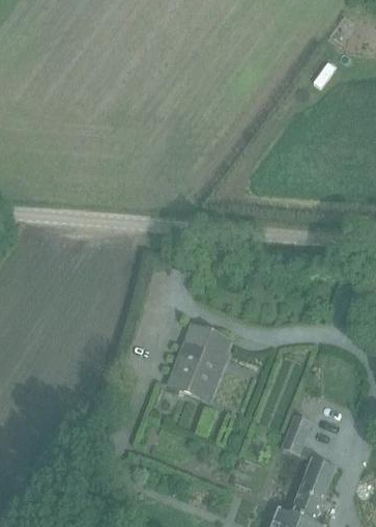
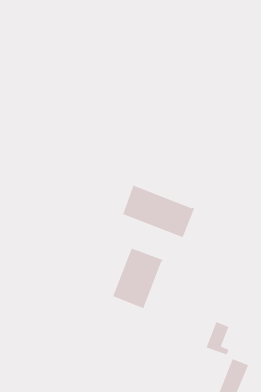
building: none -> [122,185,195,238]

